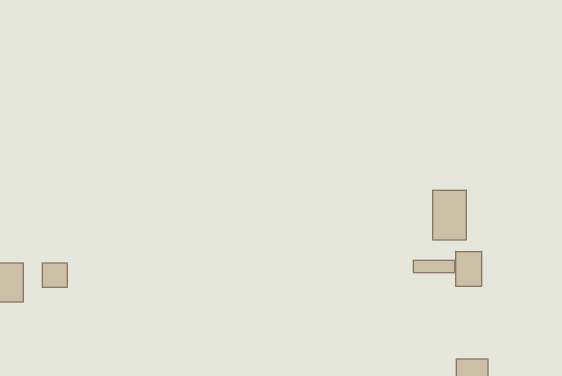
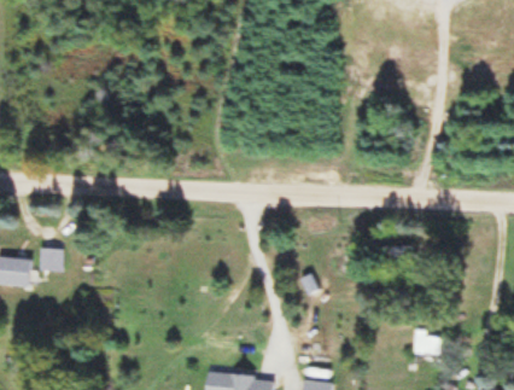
building: [433,190,466,240] -> none
building: [456,251,482,286] -> none

